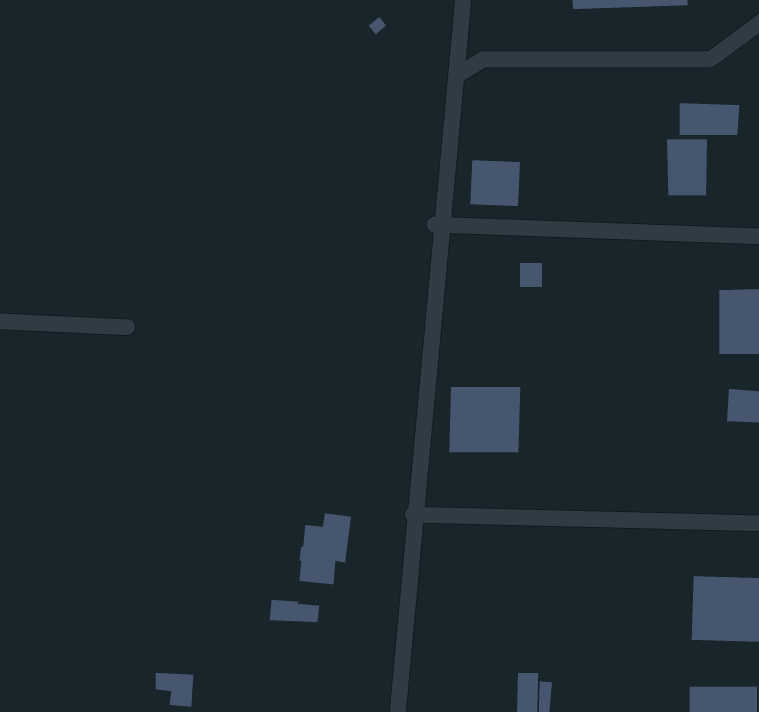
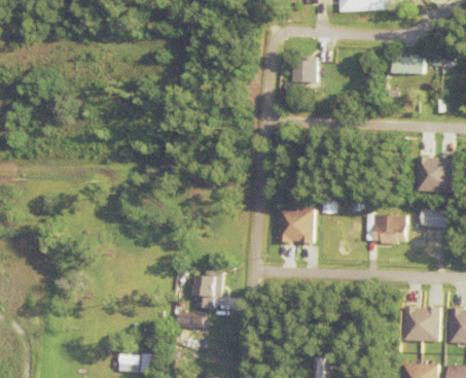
building: [666,139,708,196] -> none
building: [470,159,521,207] -> [290,58,317,82]
building: none -> [371,214,405,243]

